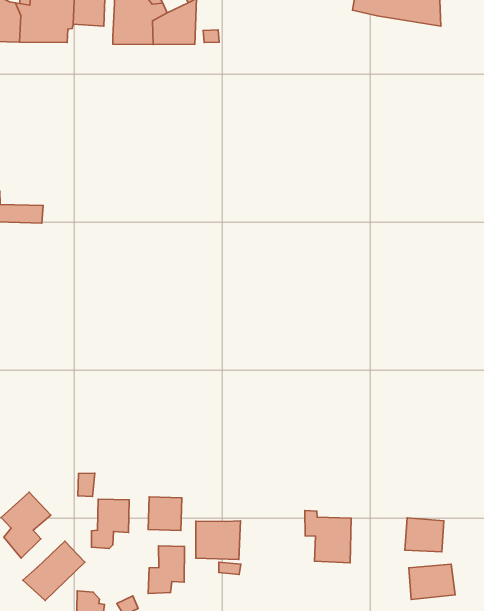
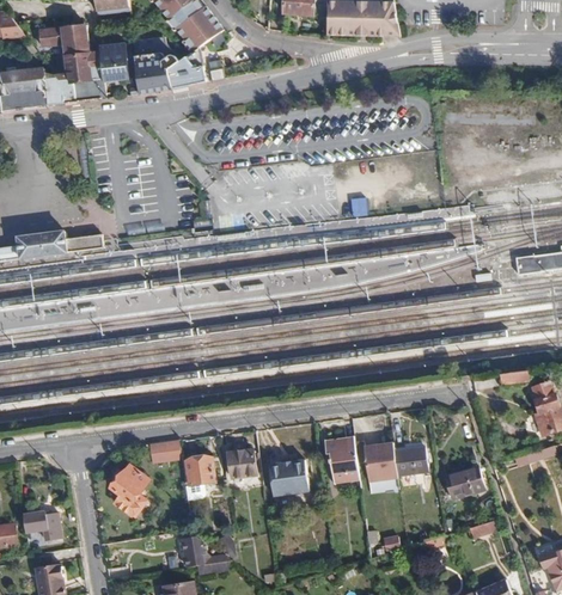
building: none -> [324,436,359,483]
building: [405,518,444,552] -> [395,447,427,476]
building: [23,541,85,601] -> none
building: [148,546,184,593] -> none

